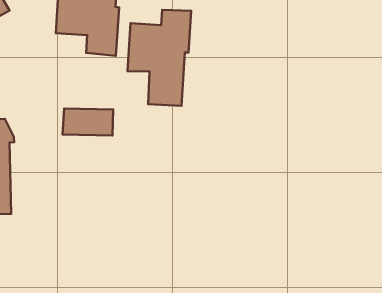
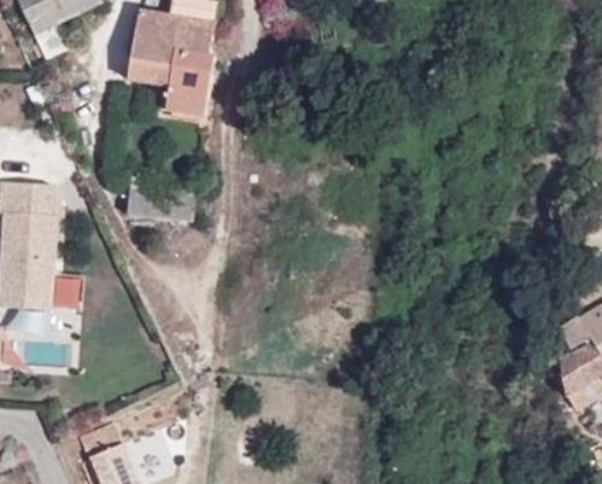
building: [128,10,191,106] -> none

